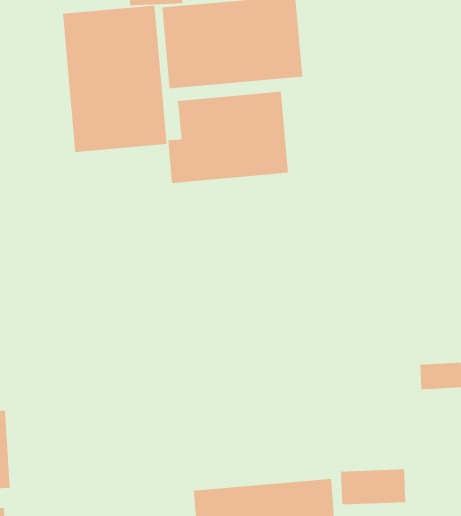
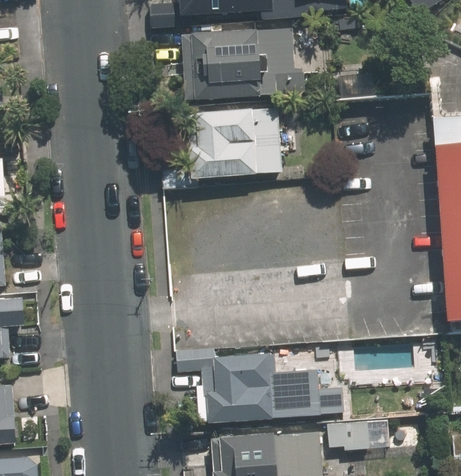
building: [62,5,167,153] -> none
building: none -> [174,346,346,426]

